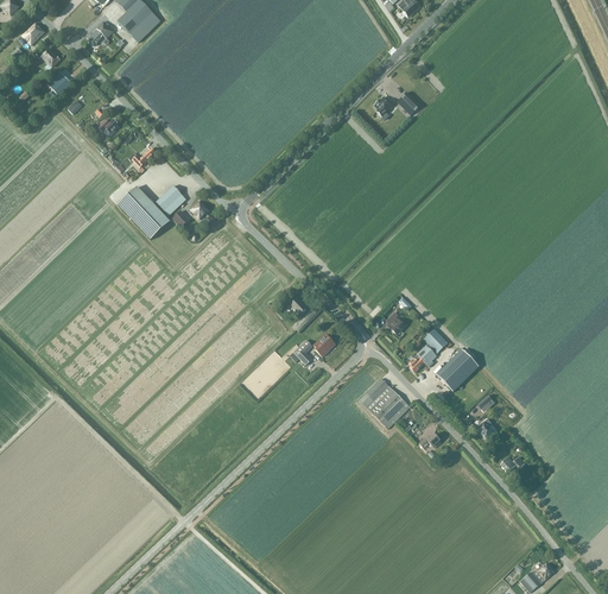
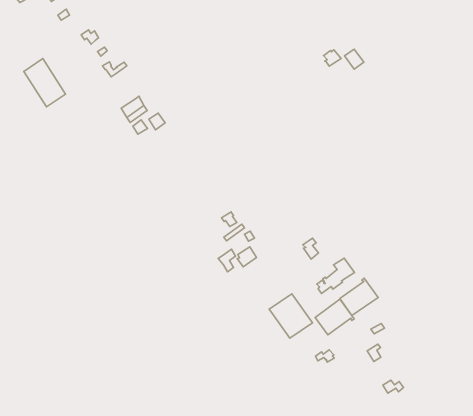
building: [118,185,169,239] -> [24,59,66,107]
building: none -> [315,299,354,335]

